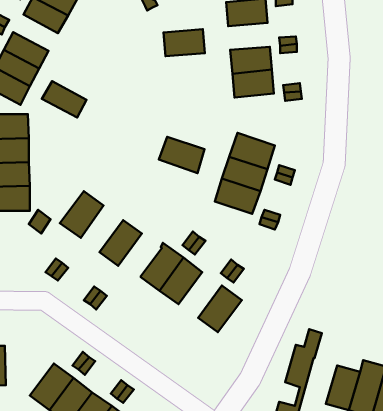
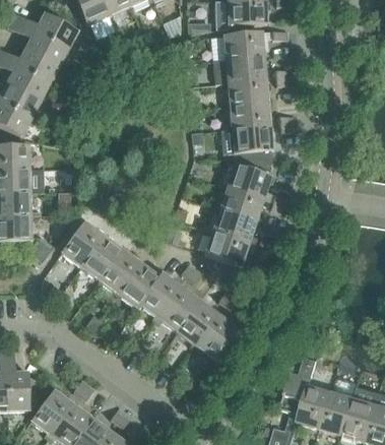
building: [163,29,205,56] -> [224,55,265,81]
building: [42,81,86,118] -> [14,47,58,82]
building: none -> [231,124,272,151]
building: [159,137,205,173] -> [203,230,248,265]
building: none -> [80,234,122,279]
building: none -> [117,261,159,307]
building: none -> [176,299,218,343]
building: none -> [6,370,28,409]
building: none -> [298,383,331,428]

